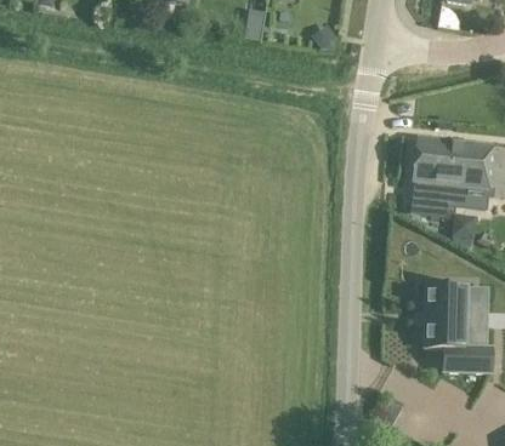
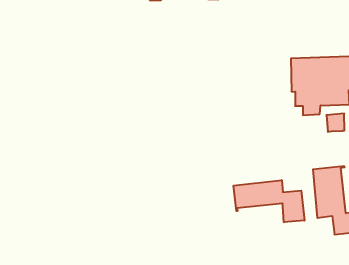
building: none -> [234,180,304,222]

